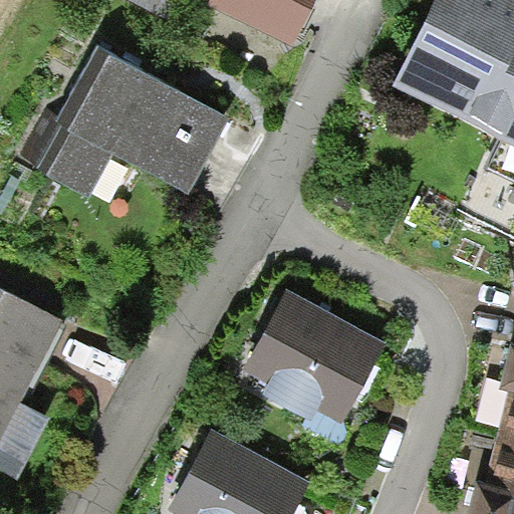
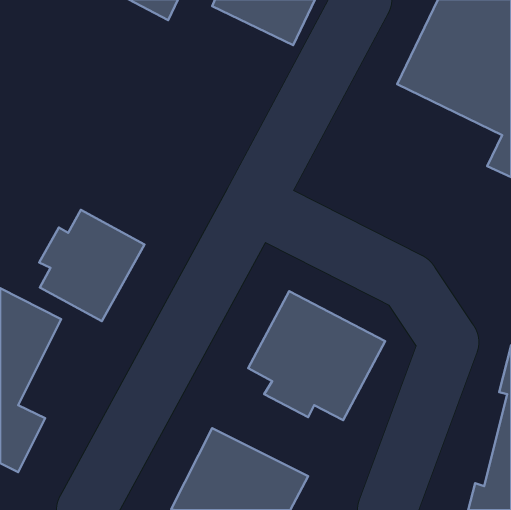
building: [34,50,228,202] -> none
building: none -> [39,210,144,321]

